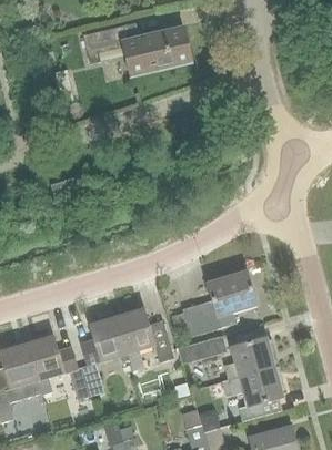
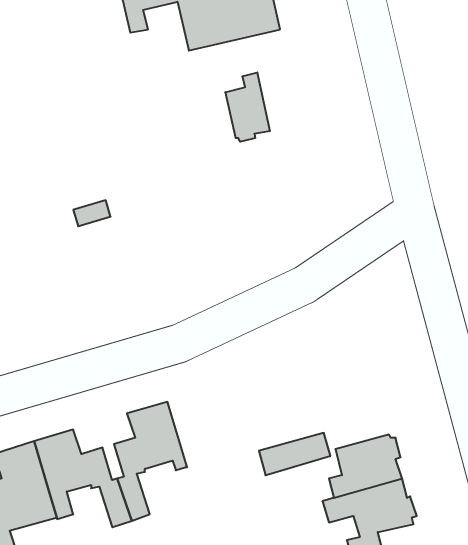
building: none -> [225,72,270,142]
building: [183,272,255,336] -> none
building: [115,306,171,367] -> none

